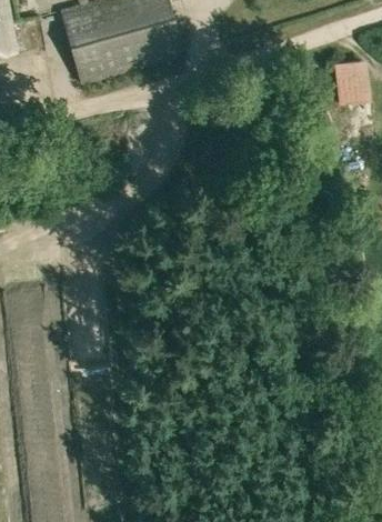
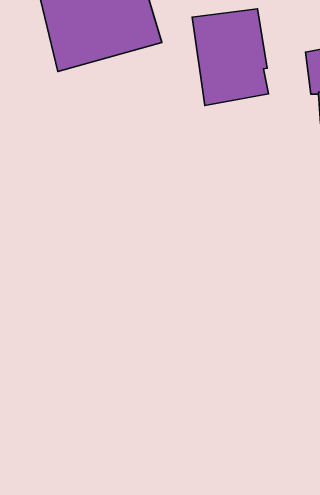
building: none -> [192,9,269,105]

